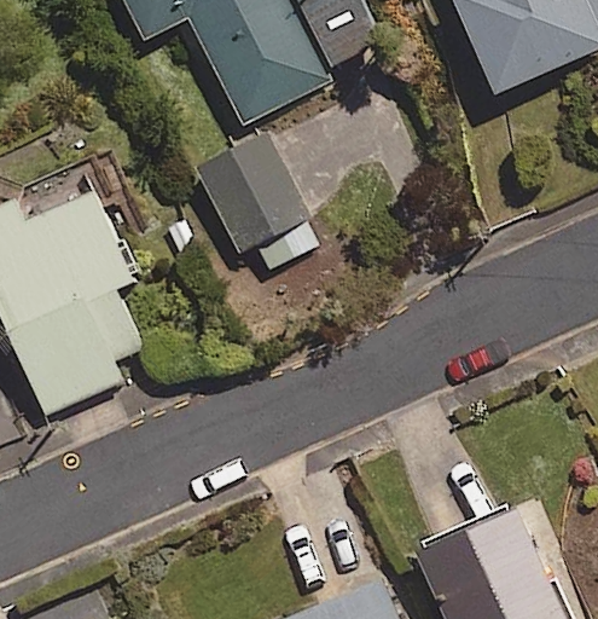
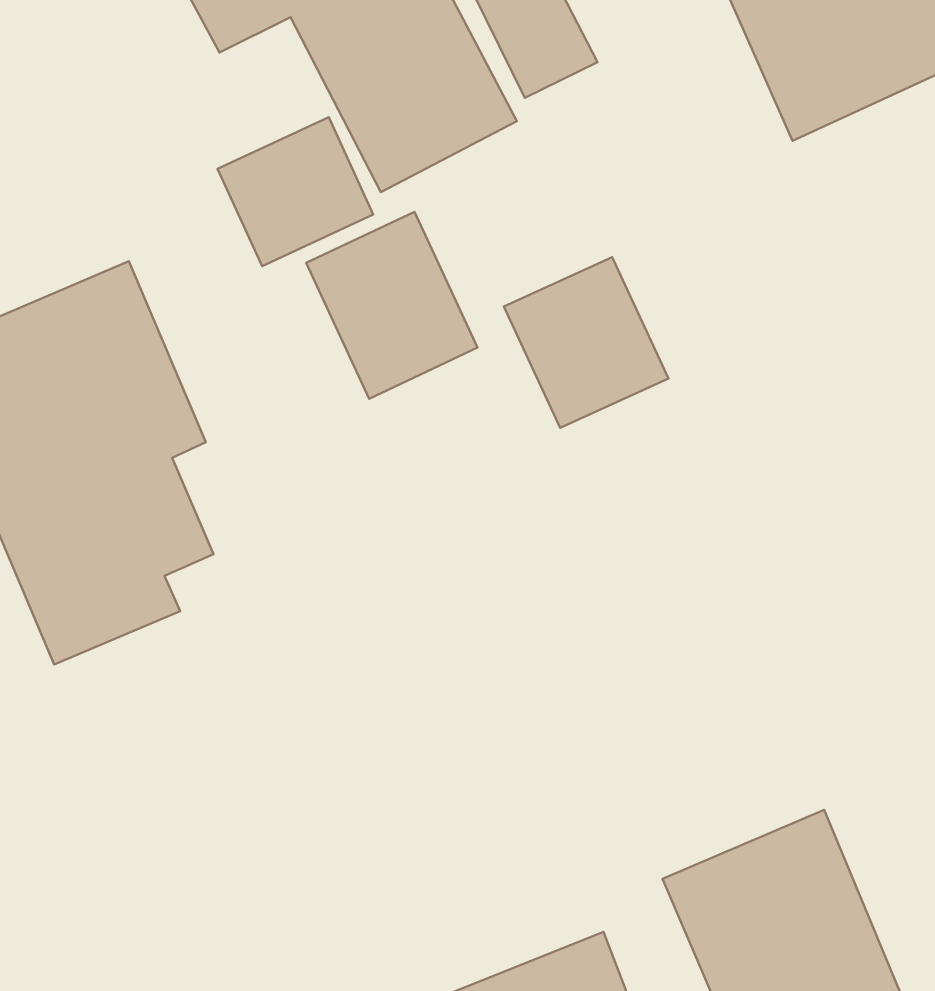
building: none -> [218,117,373,266]
building: none -> [504,257,668,428]

